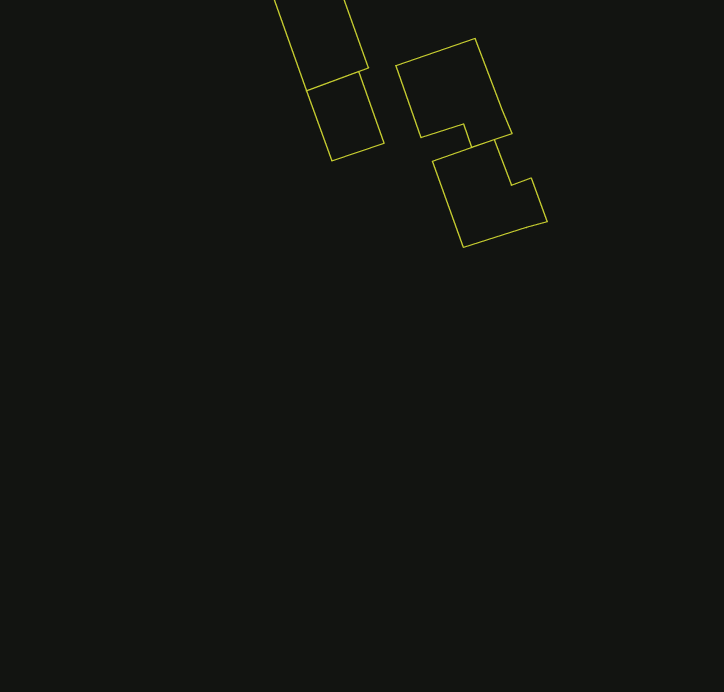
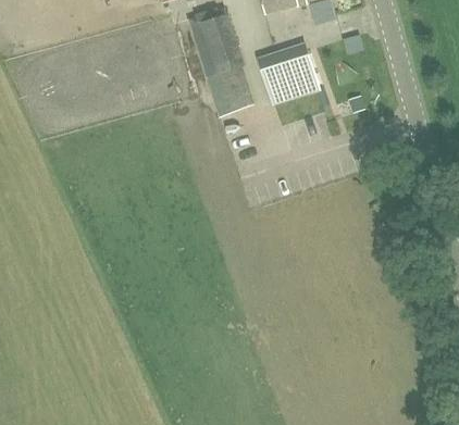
building: [433,140,547,247] -> none

